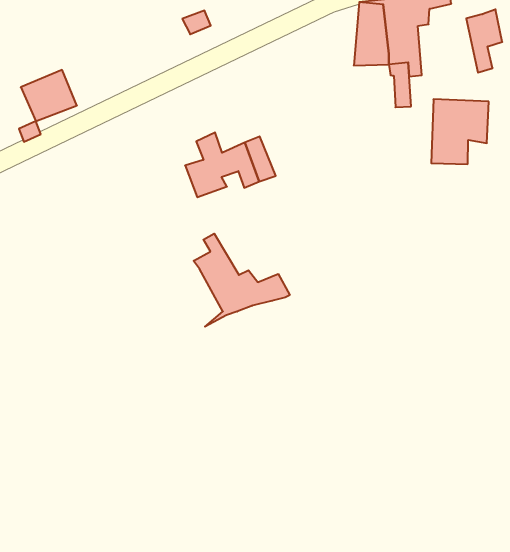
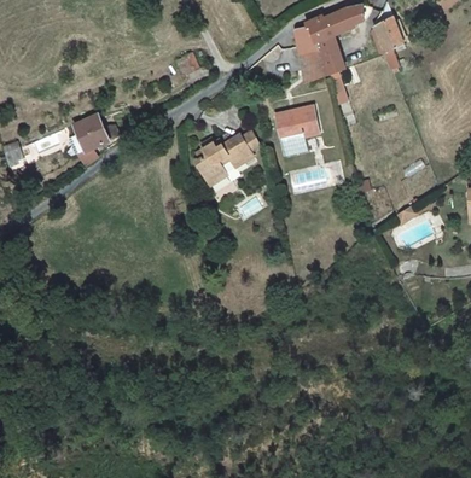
building: [431,99,489,164] -> [277,106,319,156]
building: [194,234,290,327] -> none

